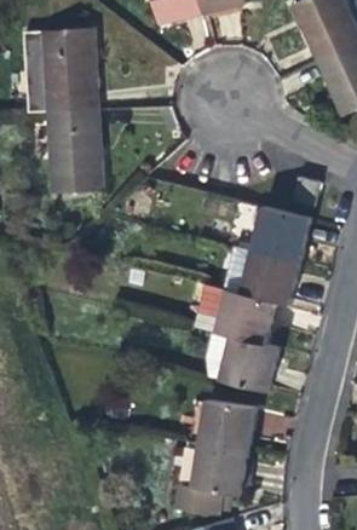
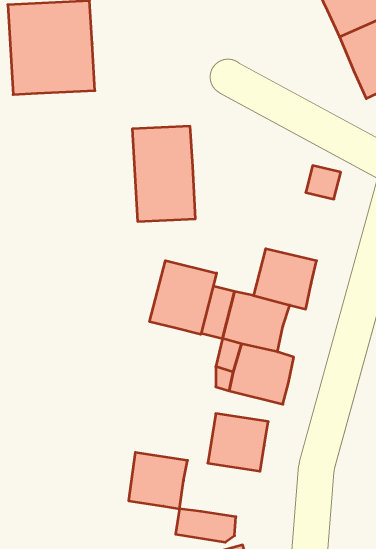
building: [47,108,104,194] -> [132,126,195,221]
building: [253,206,311,261] -> none
building: none -> [150,261,217,334]
building: [195,444,248,495] -> [129,452,188,509]

